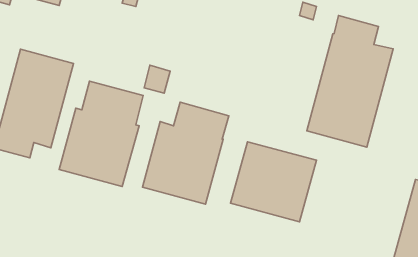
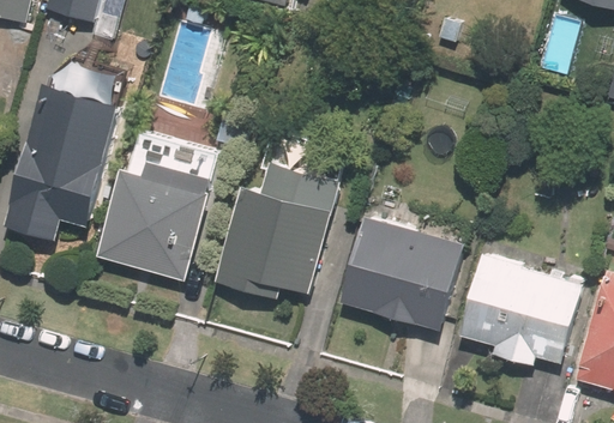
building: [307,16,393,147] -> none
building: none -> [459,254,583,365]

